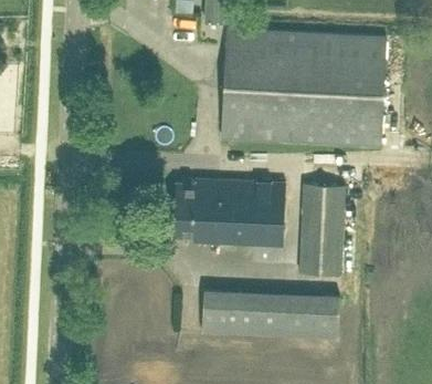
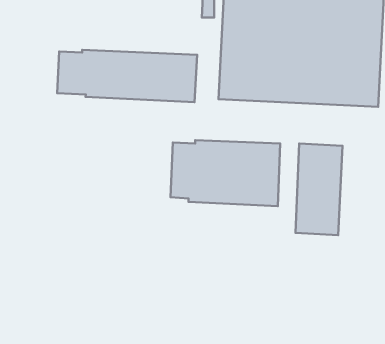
building: none -> [57,50,197,102]
building: [202,290,339,338] -> none

